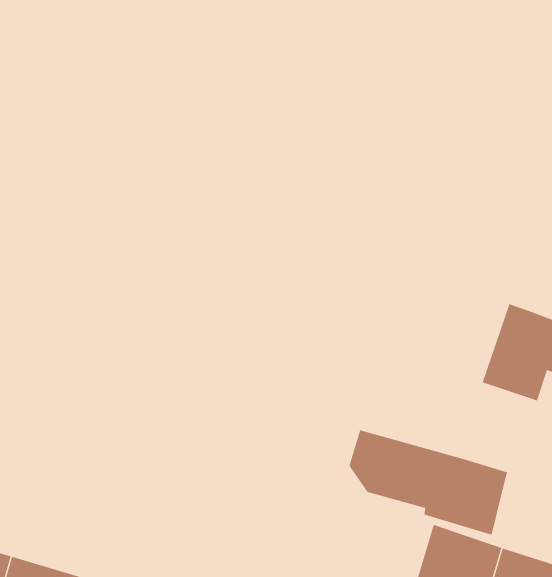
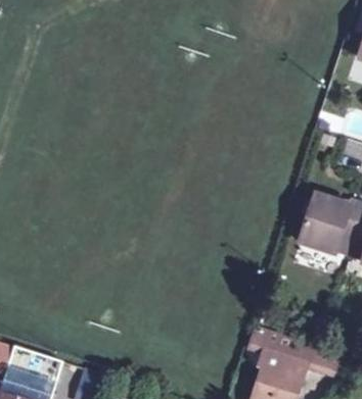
building: [349,430,508,535] -> none

